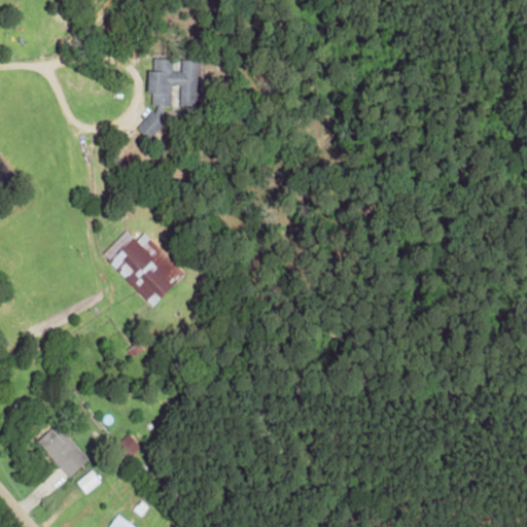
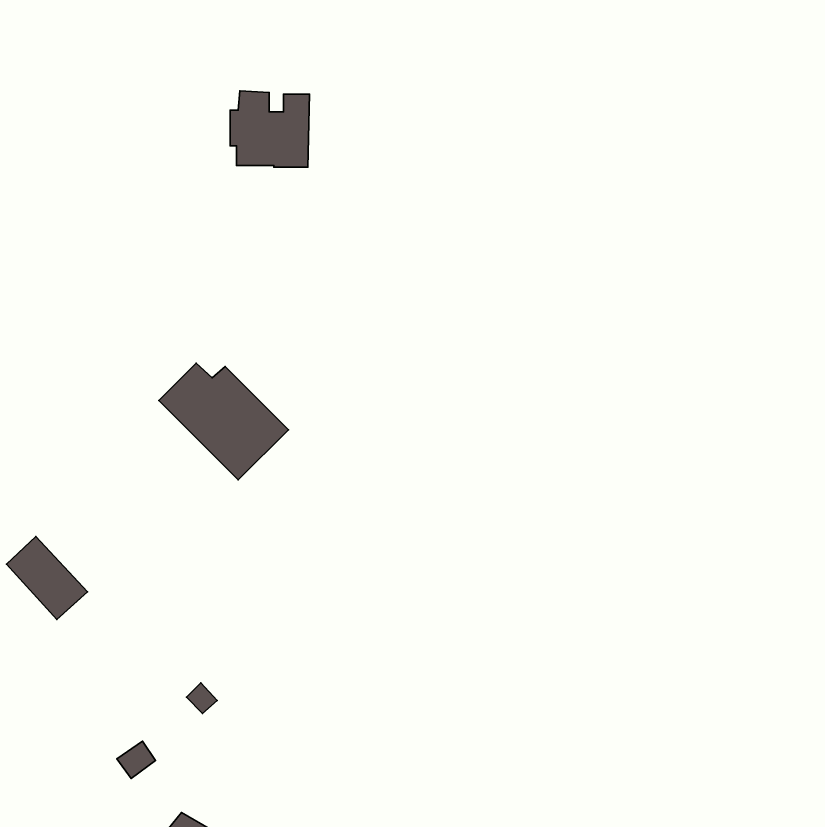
building: [138,112,166,140] -> none
building: [38,425,90,478] -> [7,537,88,619]

